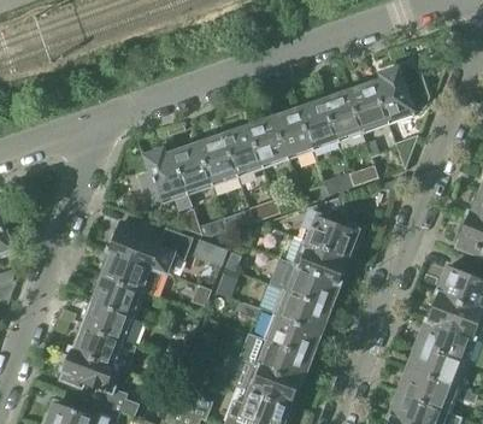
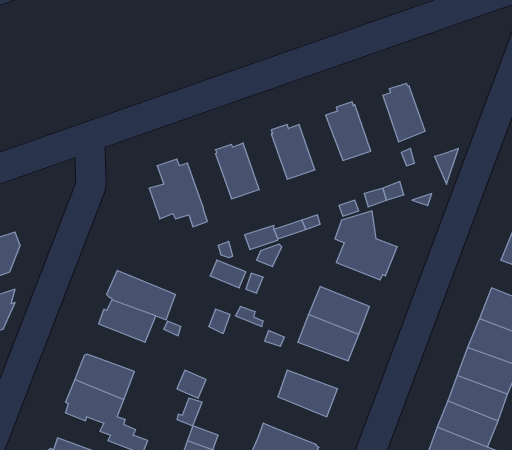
building: [373,66,419,123] -> none
building: [324,88,364,141] -> none
building: [273,106,313,158] -> none
building: [223,125,263,176] -> none
building: [172,143,212,193] -> none
building: [108,224,192,272] -> none
building: [284,237,347,282] -> none
building: [84,298,134,341] -> none
building: [263,314,318,357] -> none
building: [249,364,299,407] -> none

